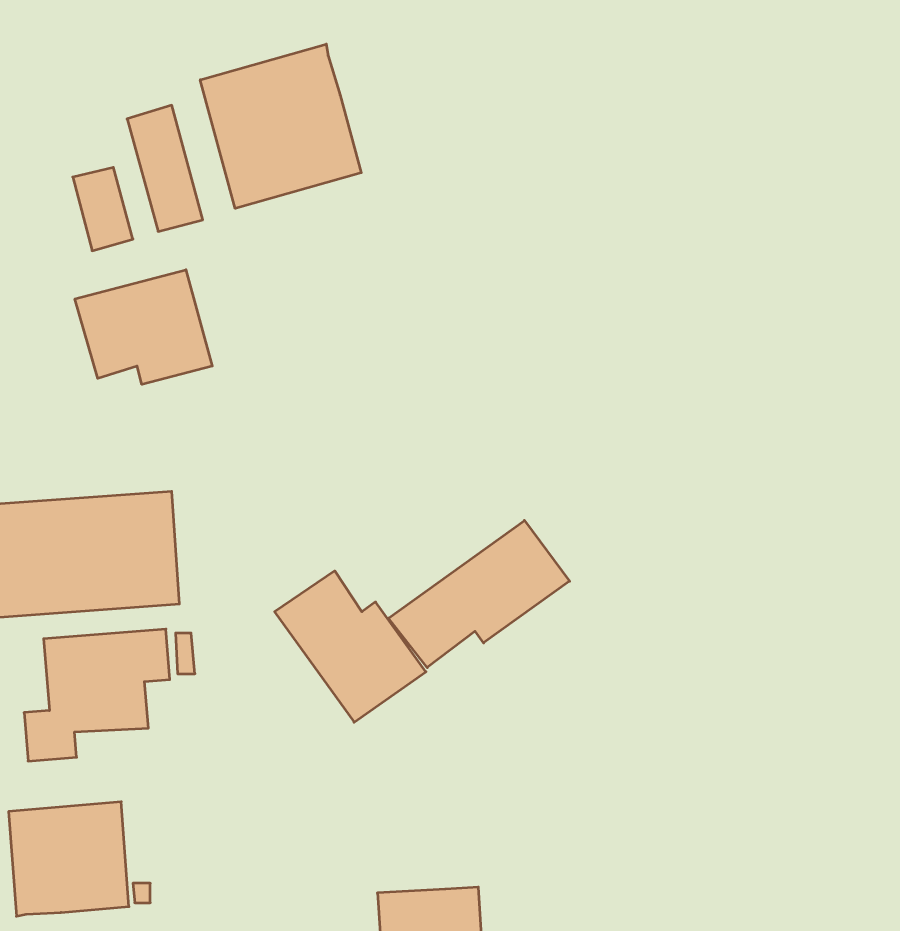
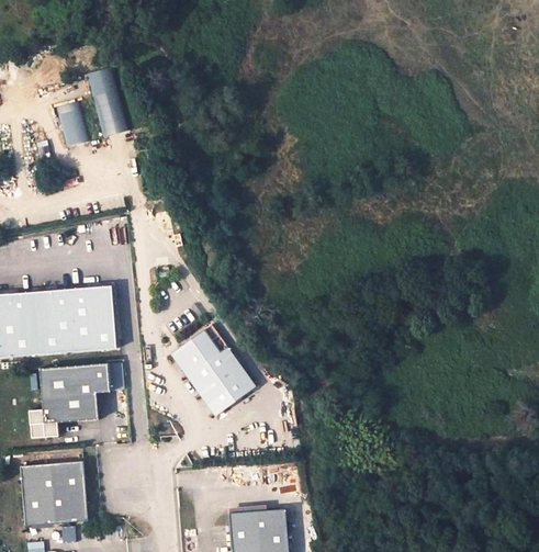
building: [200,44,361,208] -> none
building: [75,270,212,384] -> none
building: [389,520,570,668] -> none

